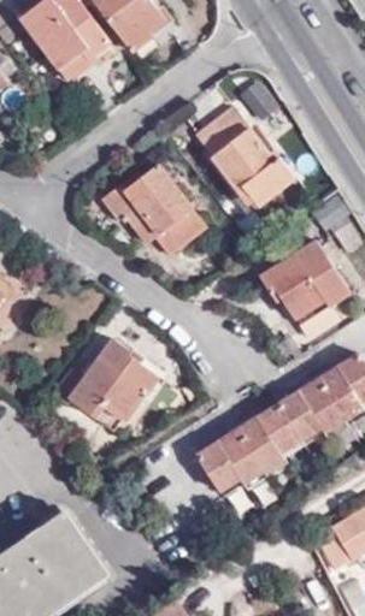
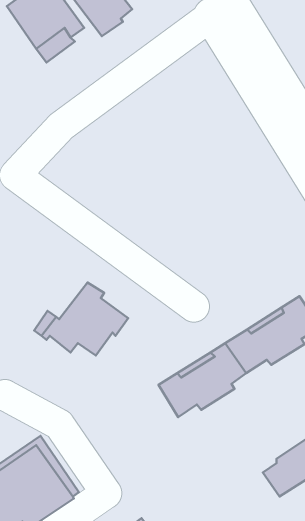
building: [196,108,296,206] -> none
building: [104,165,205,254] -> none
building: [260,238,351,318] -> none

